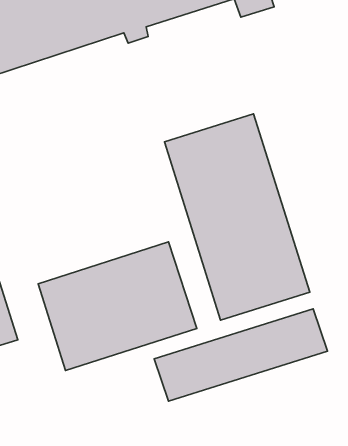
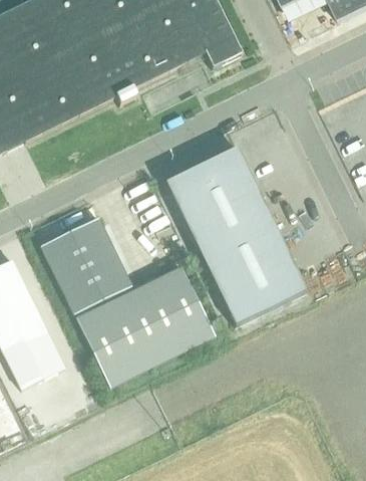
building: none -> [40,217,131,313]
building: [154,309,327,401] -> none

